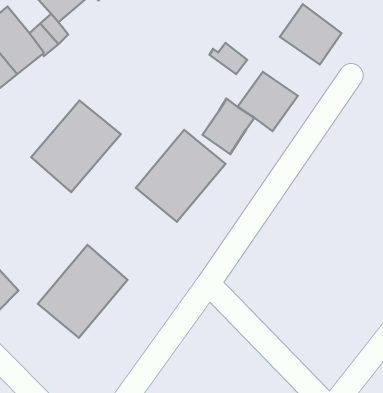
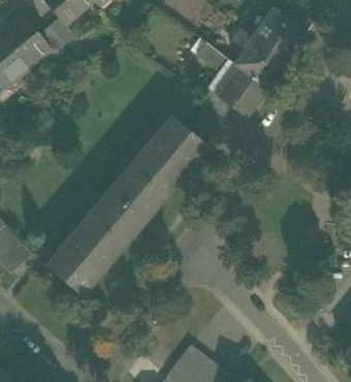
building: none -> [235,37,288,88]
building: [31,100,121,192] -> [90,166,166,245]

